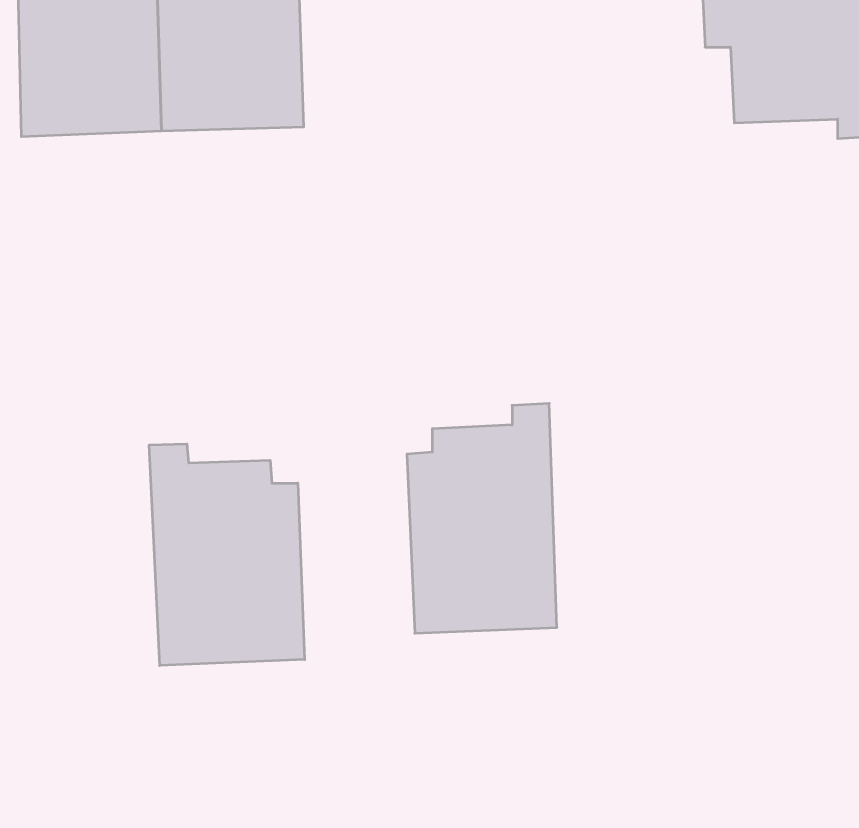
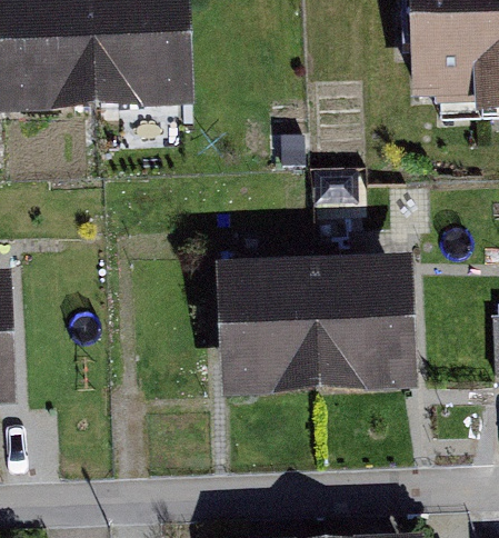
building: none -> [315,256,401,385]
building: [149,444,305,666] -> none

